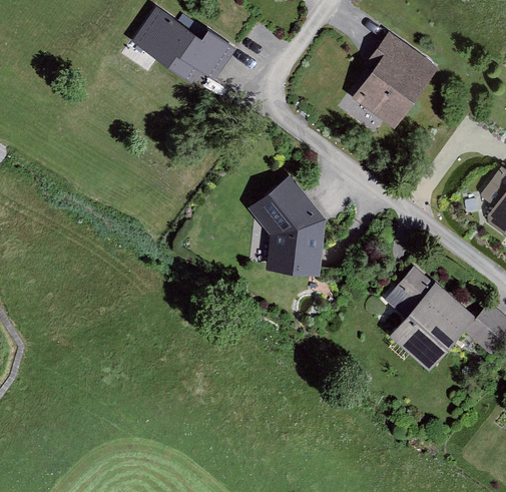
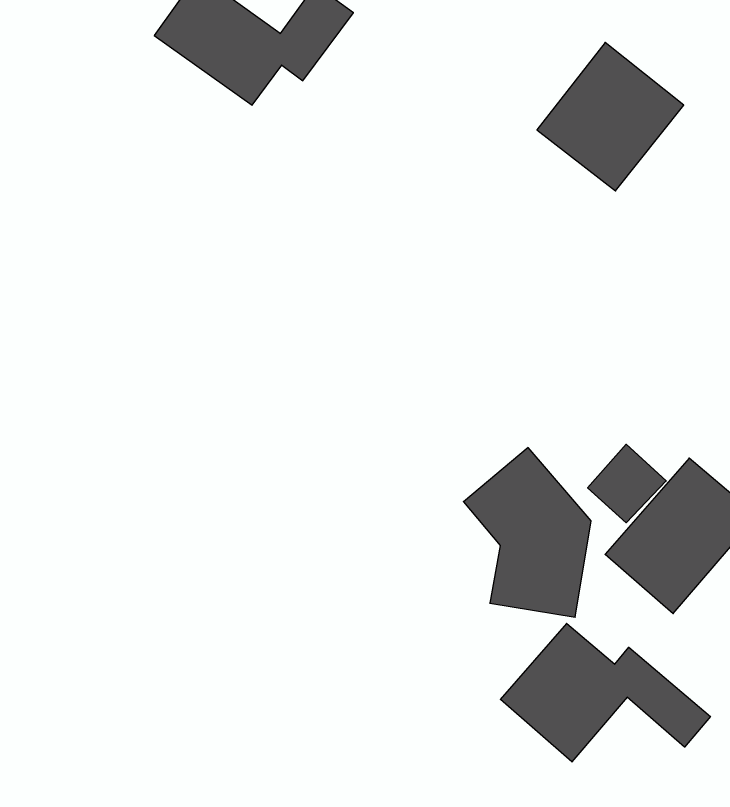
building: [250,176,324,274] -> [463,448,591,617]
building: none -> [500,623,710,762]

